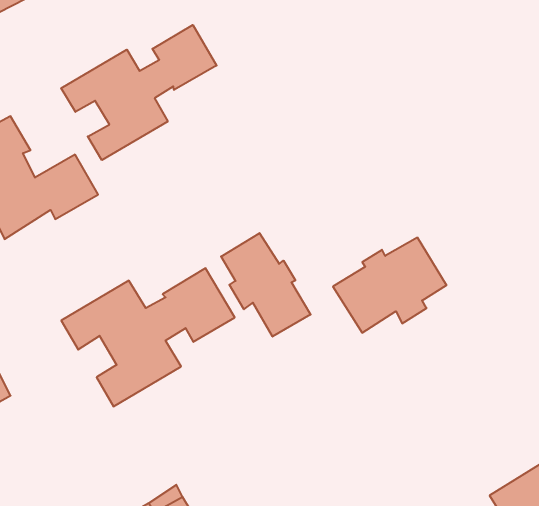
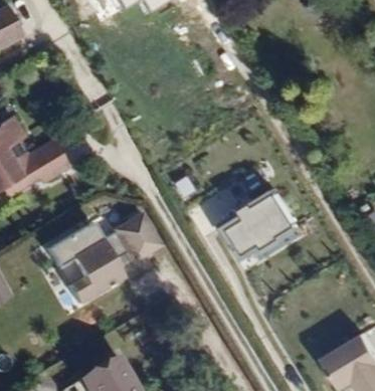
building: [61,25,217,160] -> none
building: [221,233,311,337] -> none

